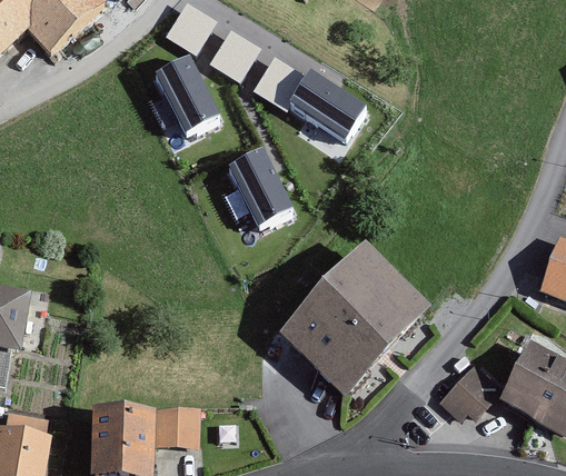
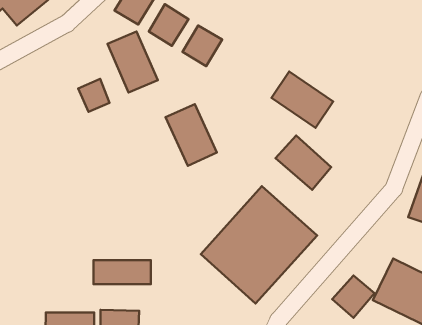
building: [292,72,370,143] -> [271,71,333,128]
building: none -> [78,79,110,112]
building: none -> [276,136,331,190]
building: none -> [94,260,151,284]

